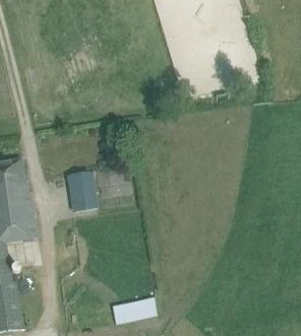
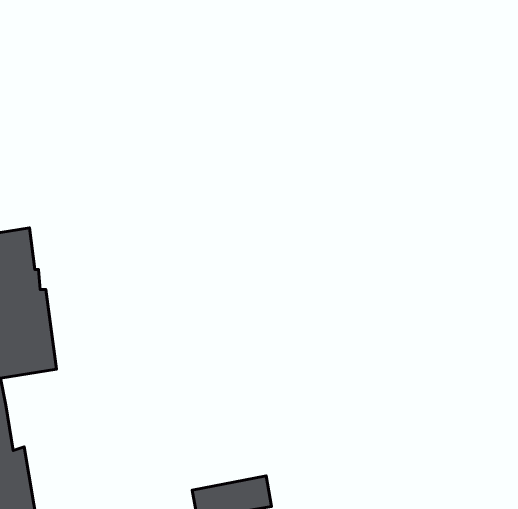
building: [69,172,97,211] -> none

